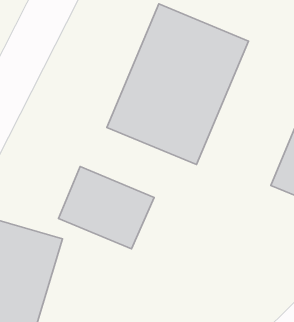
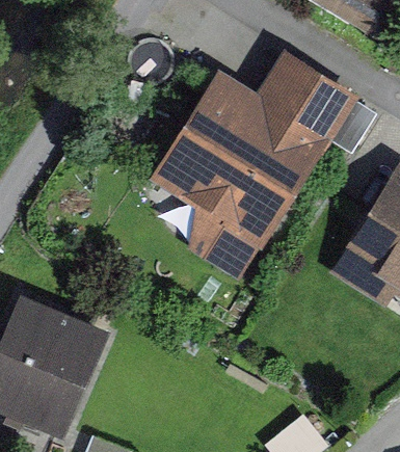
building: [58,167,154,249] -> none

